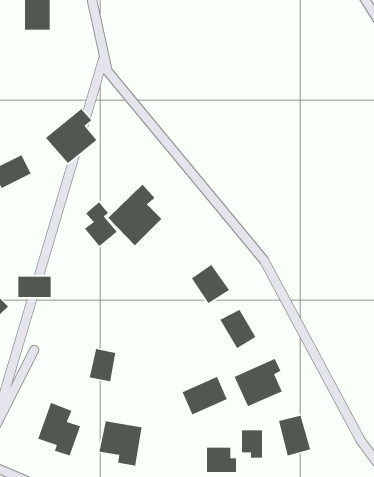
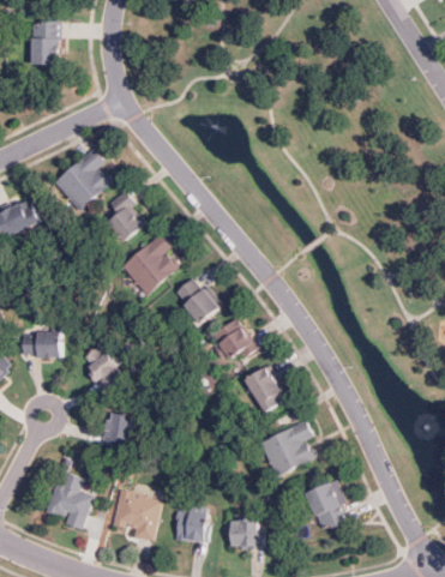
building: [84,201,118,247] -> [107,190,144,240]
building: none -> [174,276,218,323]
building: none -> [82,344,124,390]
building: [181,376,228,415] -> none
building: [241,430,263,458] -> none
building: none -> [174,509,208,542]

